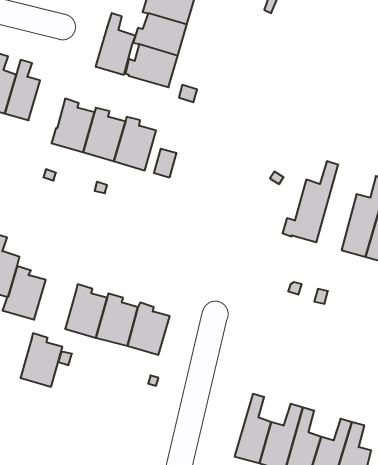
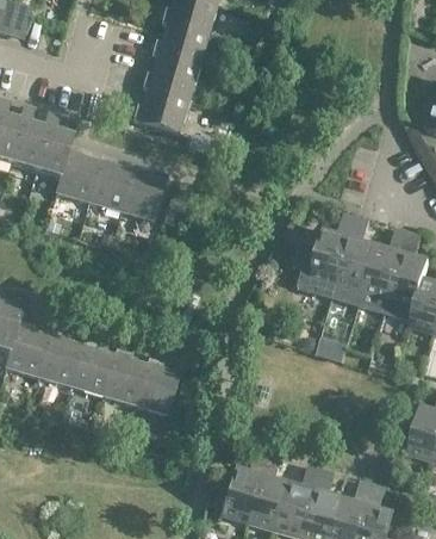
building: [96,13,135,75] -> [32,112,74,176]
building: none -> [334,215,375,304]
building: [20,333,62,387] -> [38,330,82,386]
building: none -> [220,450,267,520]

